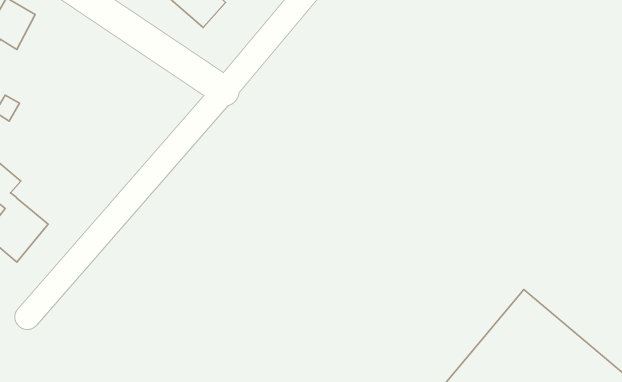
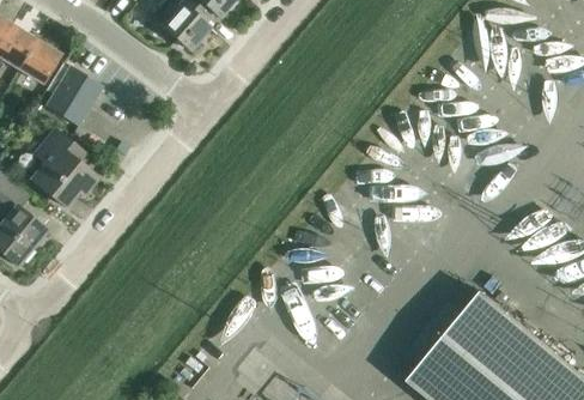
building: none -> [18,38,60,85]
building: none -> [44,65,103,126]
building: none -> [36,129,93,207]

